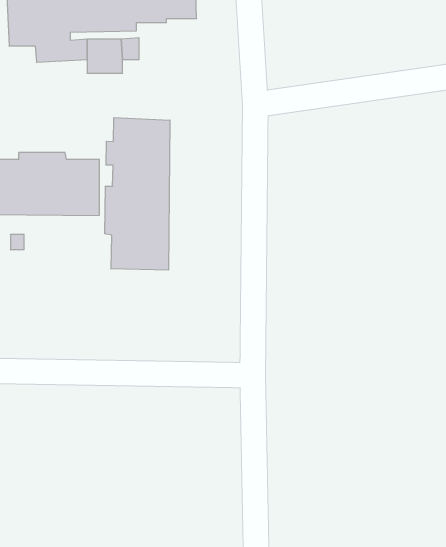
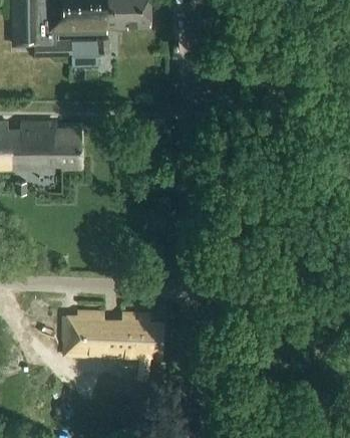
building: [105,118,170,270] -> none
building: none -> [61,311,162,382]

